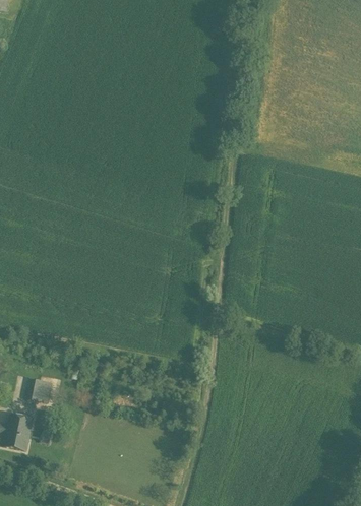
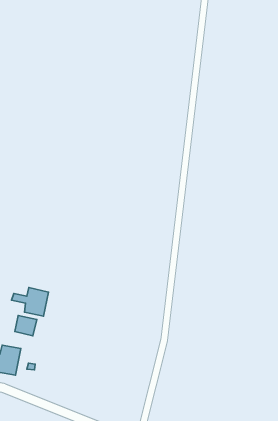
building: none -> [12,288,49,316]

